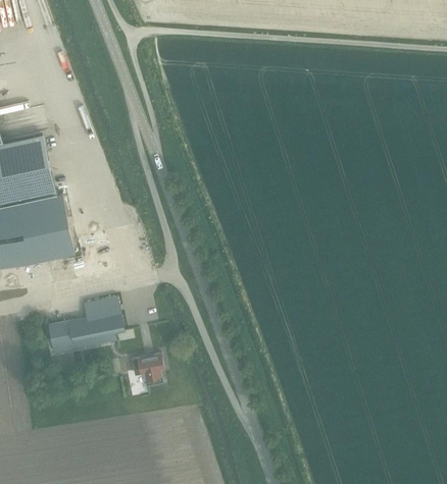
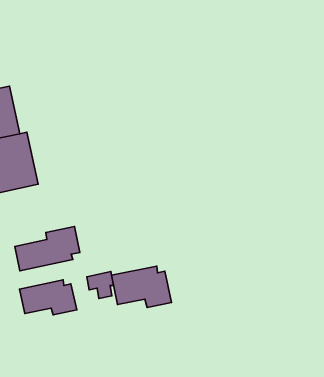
building: none -> [112,266,171,307]
building: none -> [20,280,77,315]

